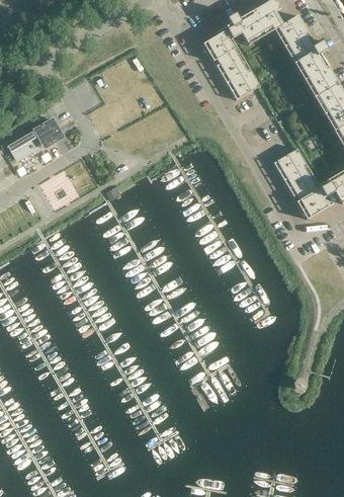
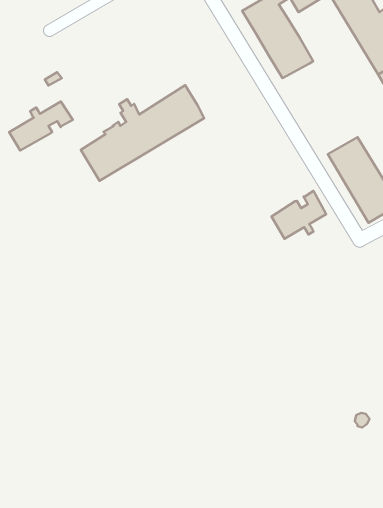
building: none -> [81,85,204,181]
building: none -> [271,191,326,239]

